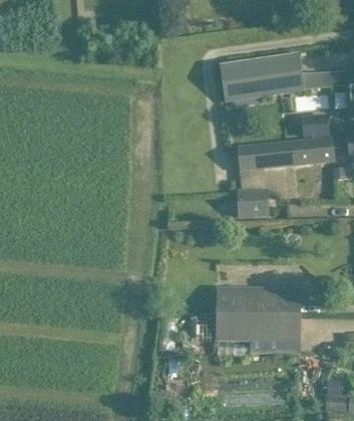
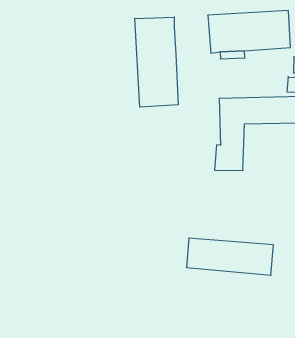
building: none -> [135,17,178,107]
building: [203,314,303,352] -> none

